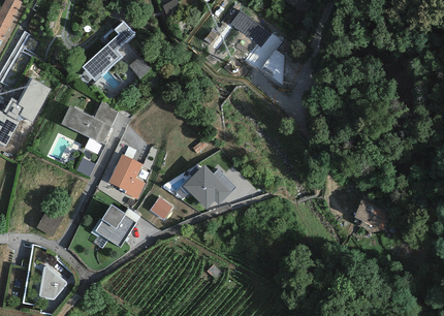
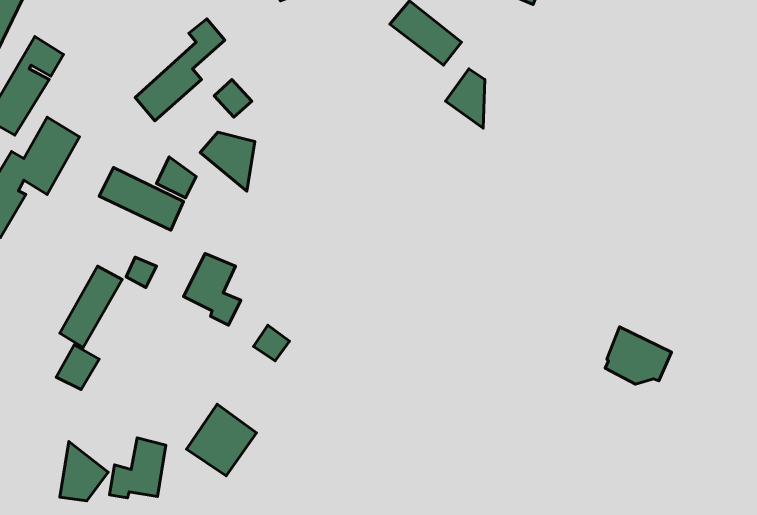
building: none -> [200,132,255,191]
building: none -> [60,266,122,348]
building: [184,164,235,207] -> none
building: [94,204,134,246] -> [187,404,257,476]
building: none -> [110,438,166,498]

